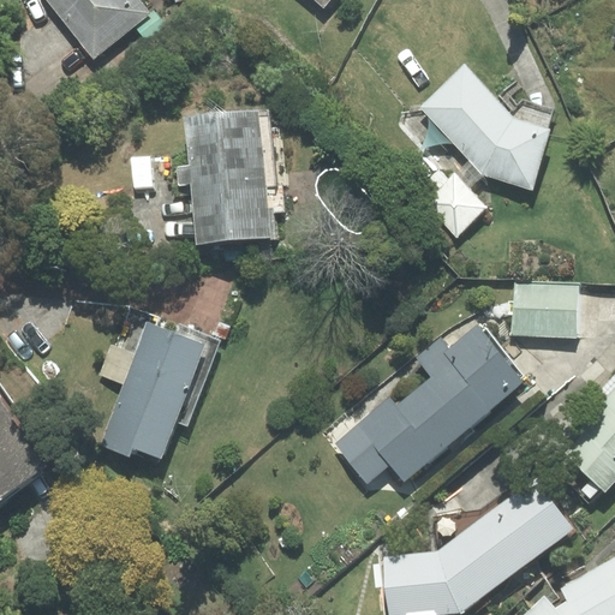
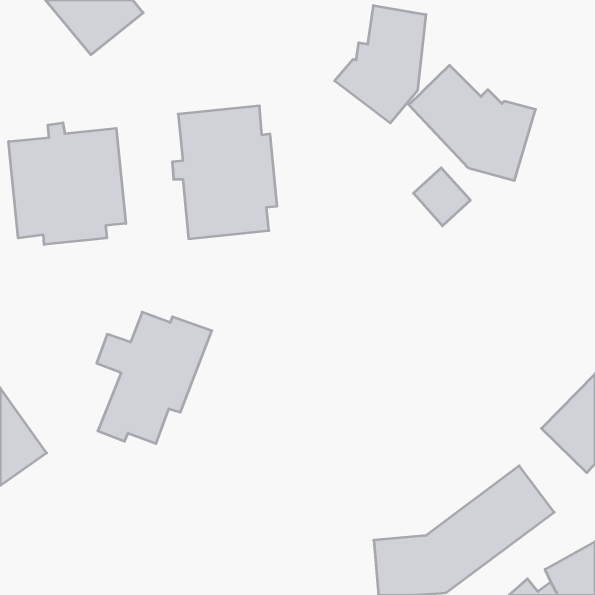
building: none -> [335,5,426,123]
building: none -> [9,123,126,245]
building: [512,282,578,336] -> none
building: [338,328,523,479] -> none

